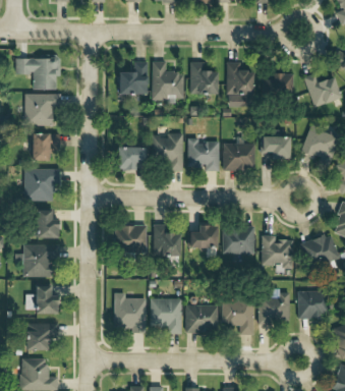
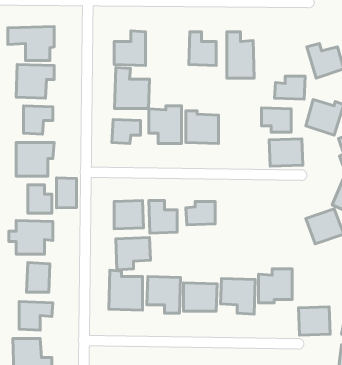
building: [152,61,185,101] -> [115,68,149,109]
building: [263,73,292,96] -> [275,76,305,99]
building: [223,144,255,170] -> [269,139,303,166]
building: none -> [56,178,76,208]
building: [223,227,254,255] -> none
building: [262,236,293,269] -> none
building: none -> [116,238,150,270]
building: [297,291,328,319] -> [299,307,330,335]

